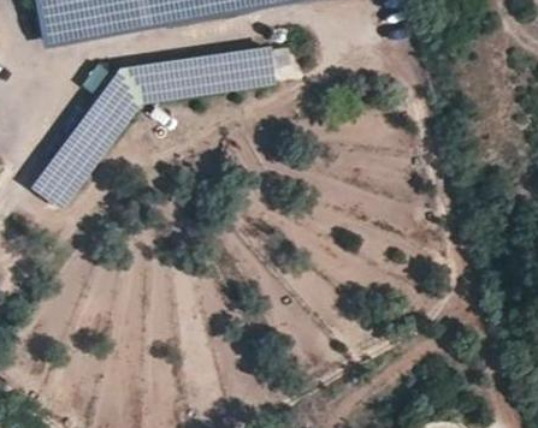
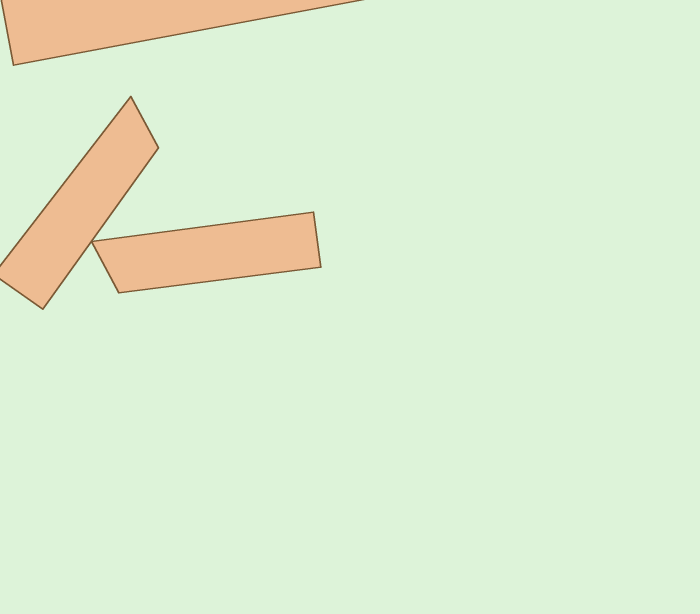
building: [123,48,273,101] -> [91,212,321,293]

